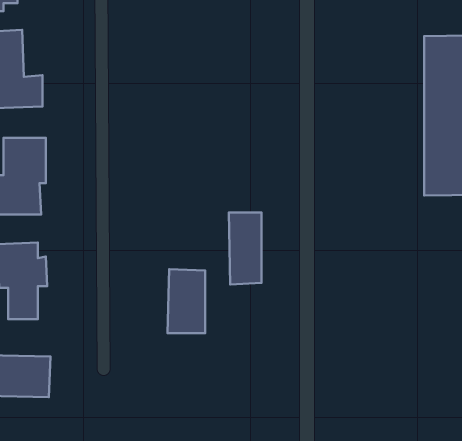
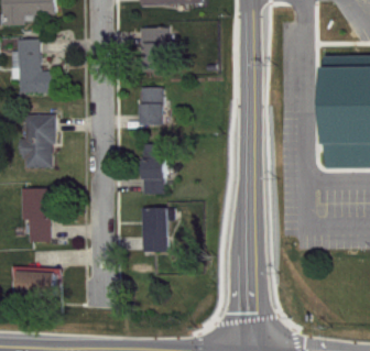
building: none -> [142,28,170,73]
building: none -> [140,88,164,127]
building: [229,213,262,284] -> [141,145,164,196]

